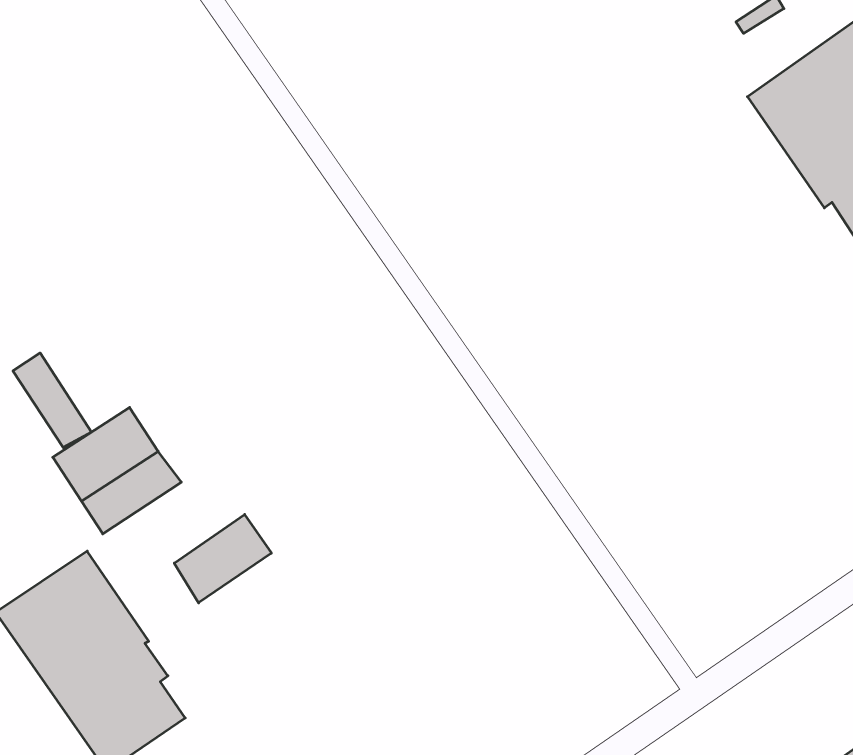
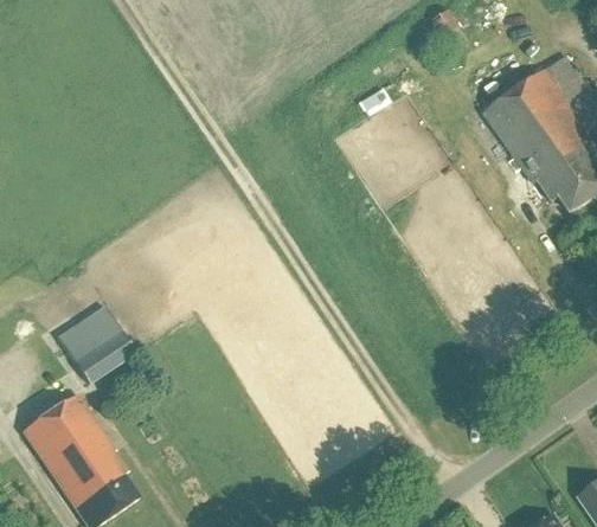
building: [13,353,92,448] -> none
building: [174,514,271,603] -> none

